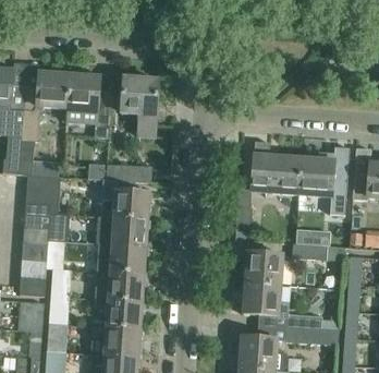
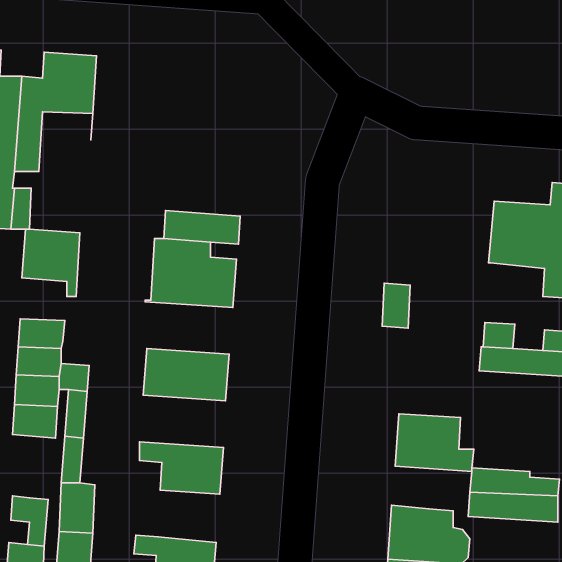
building: [65,72,112,137] -> none
building: [121,76,158,135] -> none
building: [250,141,301,193] -> none
building: [24,202,51,227] -> none
building: [96,216,148,246] -> none
building: [245,251,283,284] -> none
building: [94,270,144,301] -> none
building: [17,300,42,332] -> none
building: [91,325,140,357] -> none

